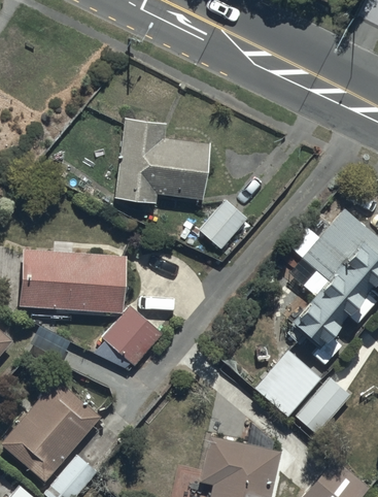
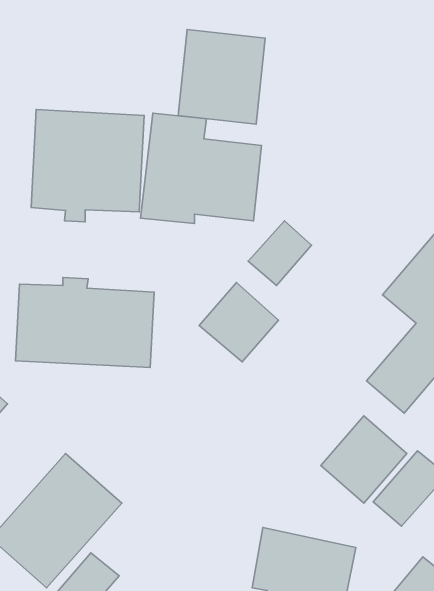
building: none -> [178,30,265,124]
building: none -> [31,109,144,222]
building: [102,305,163,366] -> [199,282,278,362]

